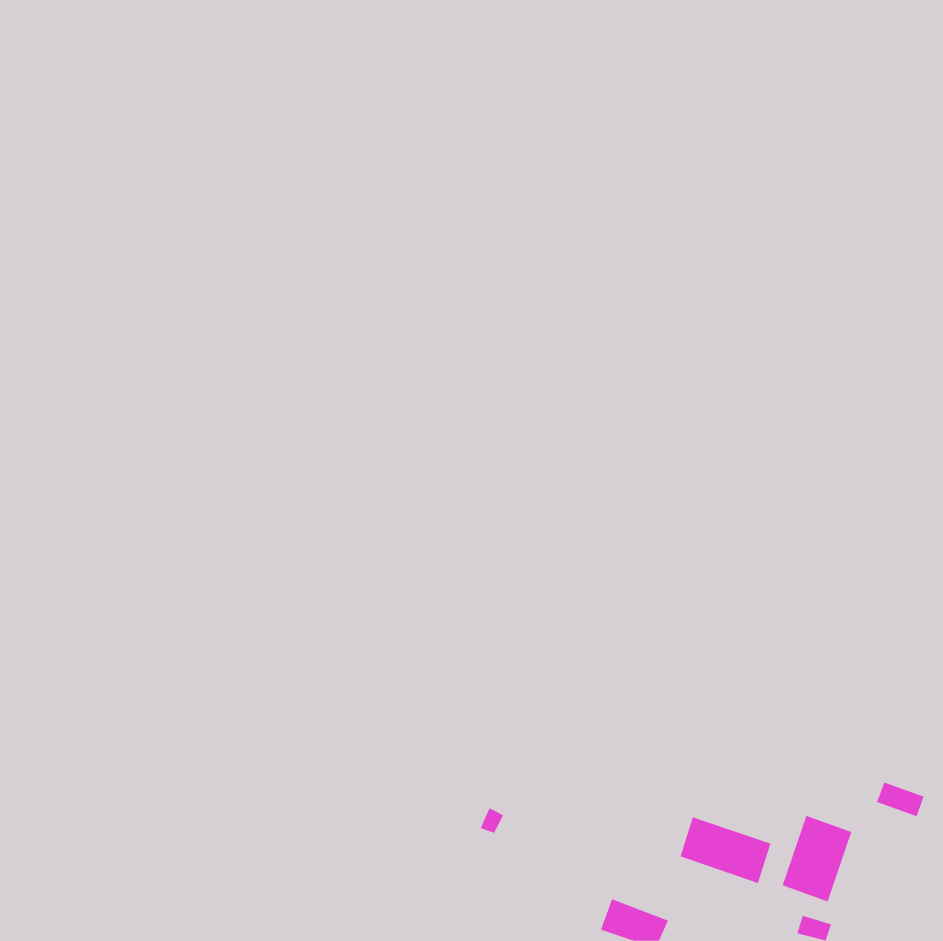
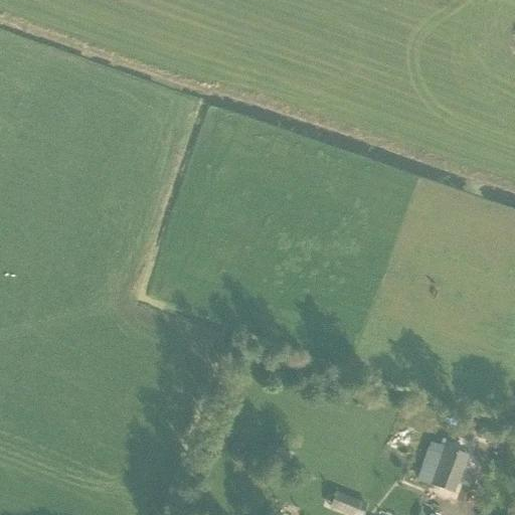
building: [680,816,771,884] -> none

